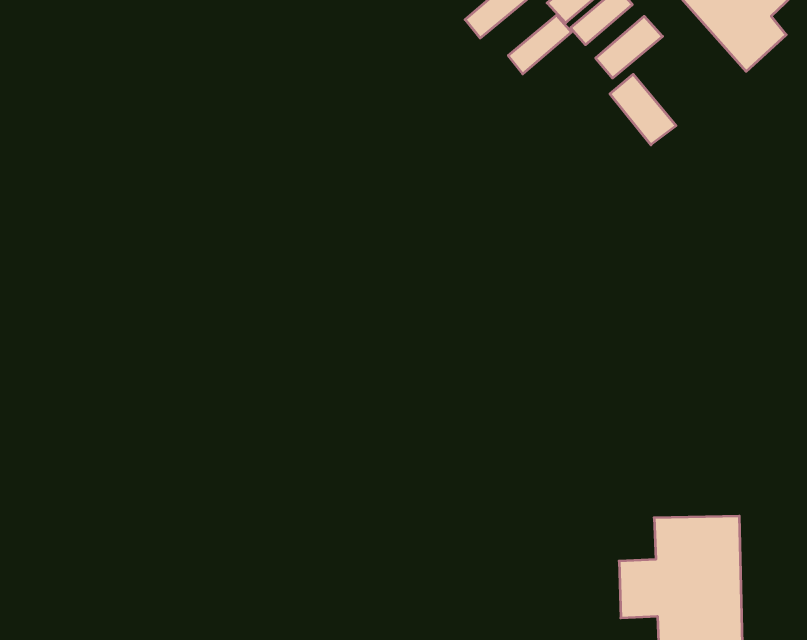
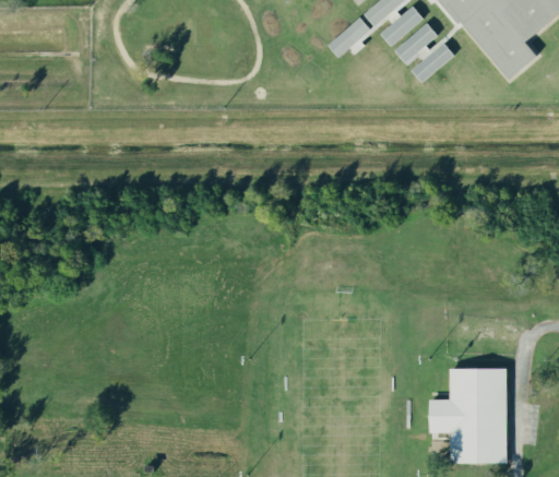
building: [508,15,571,74] -> none
building: [610,74,676,145] -> none

